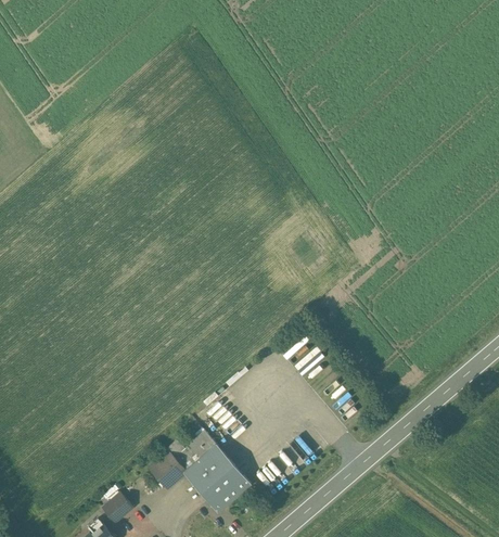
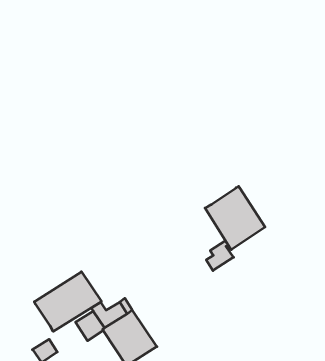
building: none -> [205,186,265,250]
building: none -> [34,272,101,331]

